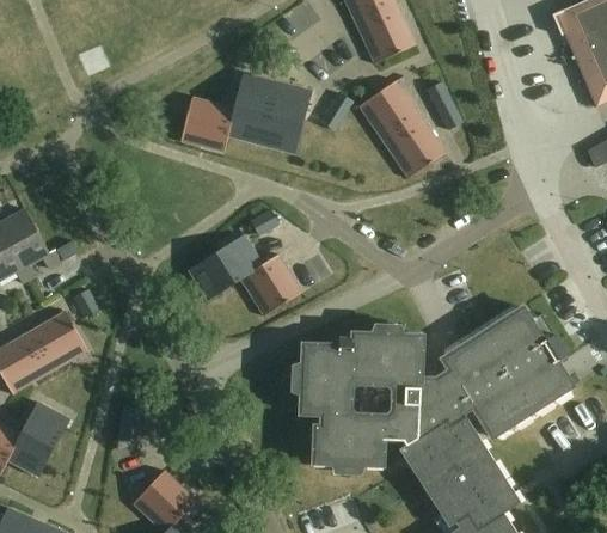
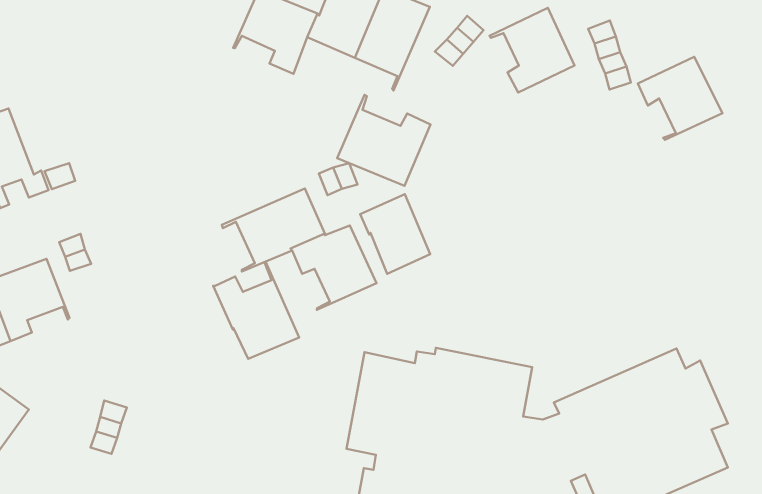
building: [382,117,446,179] -> [638,57,723,140]
building: none -> [337,95,431,186]
building: none -> [360,194,430,274]
building: none -> [213,262,299,359]

